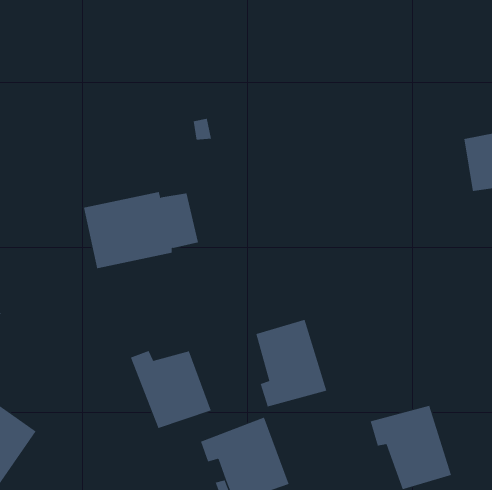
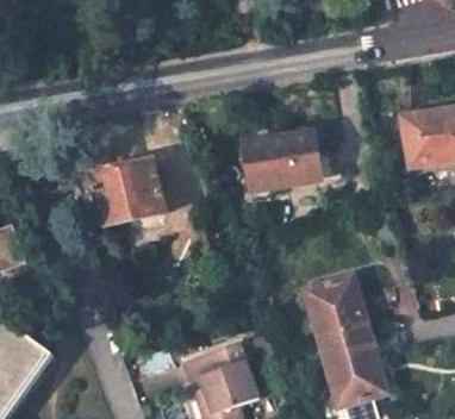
building: none -> [244,131,323,187]
building: [255,319,327,407] -> [312,275,370,346]
building: [130,350,211,429] -> none

